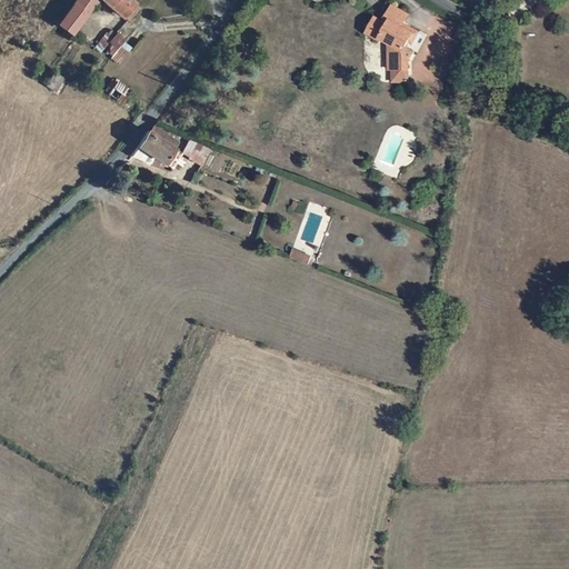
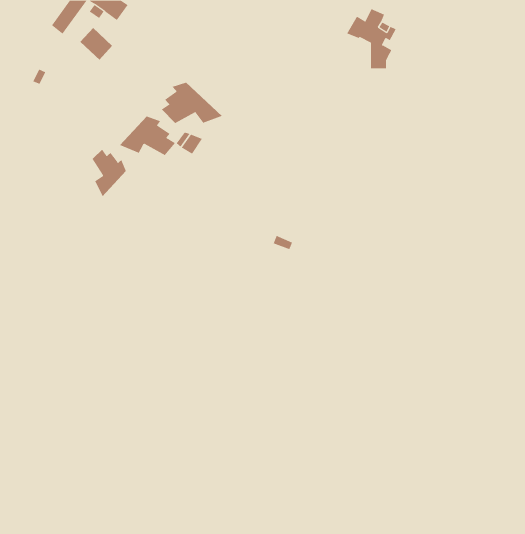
building: none -> [161,82,223,124]
building: none -> [92,149,127,197]

